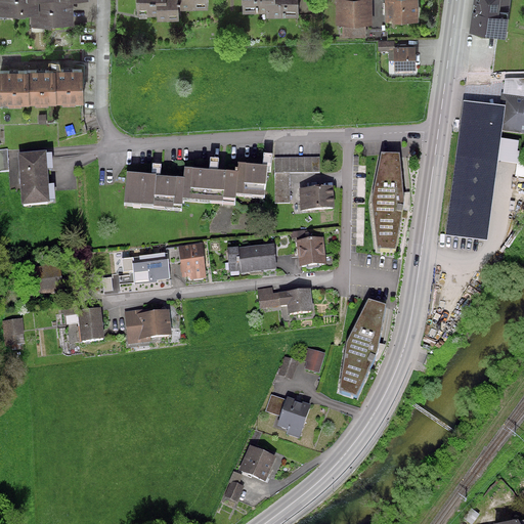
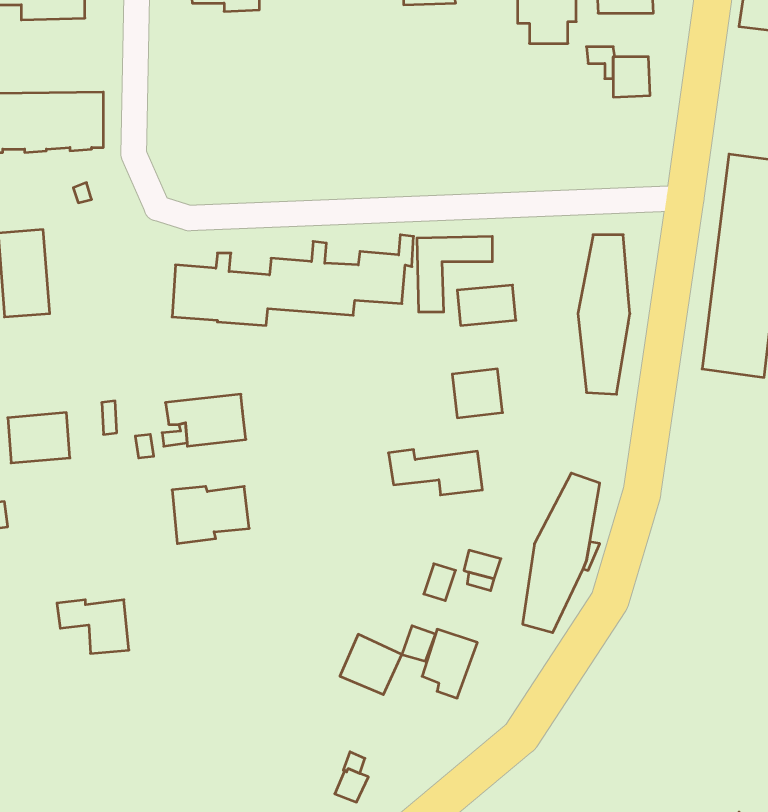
building: [165,242,206,278] -> none
building: [226,243,276,271] -> none
building: [59,306,103,339] -> [57,600,129,653]
building: [237,443,275,480] -> [340,634,402,695]

